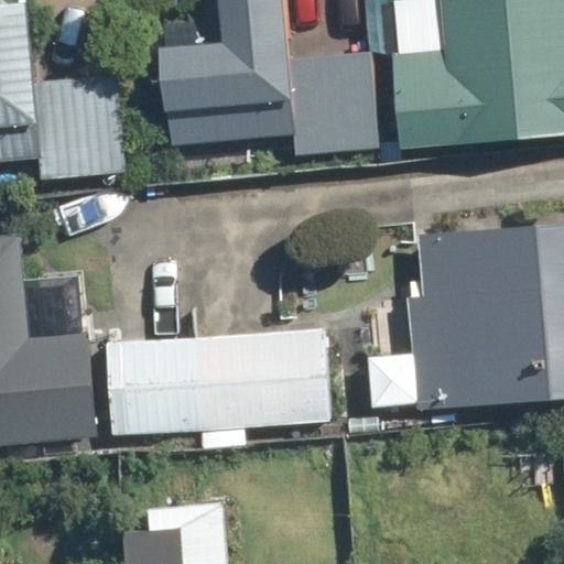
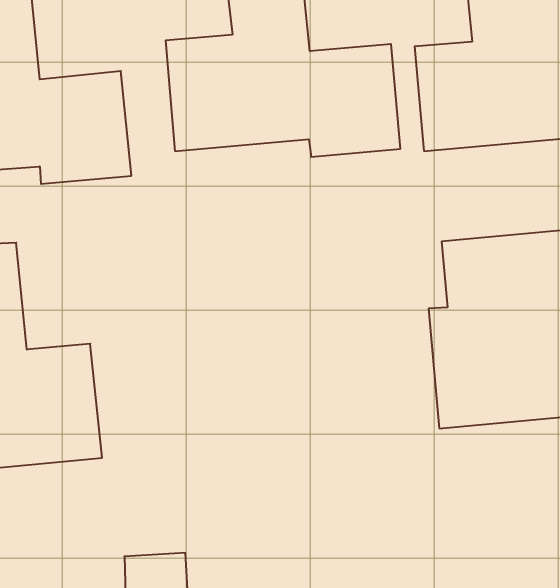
building: [104,324,329,433] -> none

